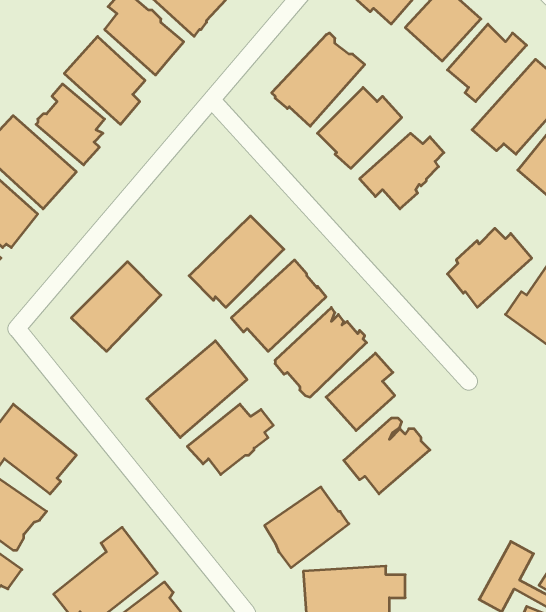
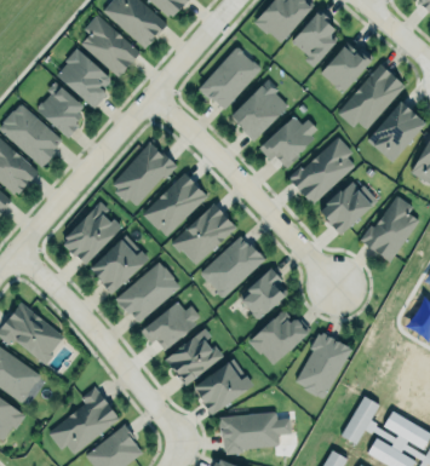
building: none -> [288,137,356,205]
building: none -> [110,142,177,205]
building: none -> [85,232,149,294]
building: none -> [165,329,223,386]
building: none -> [296,332,354,399]

